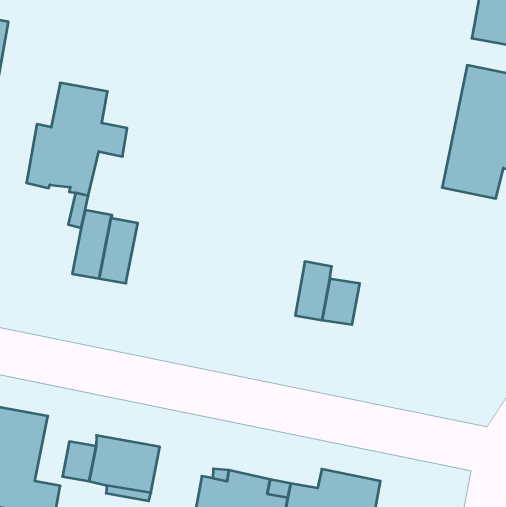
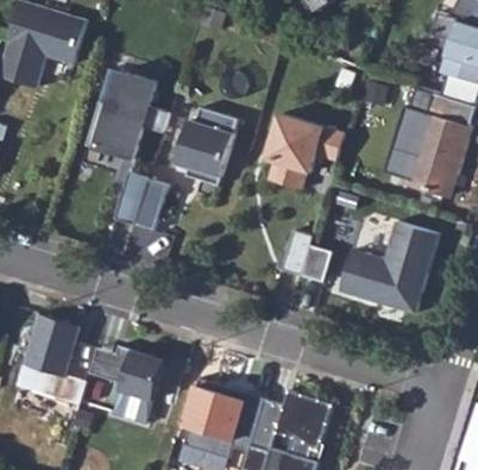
building: none -> [264,114,342,189]
building: none -> [174,107,237,186]
building: none -> [339,221,438,313]

